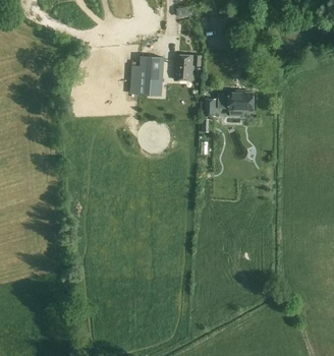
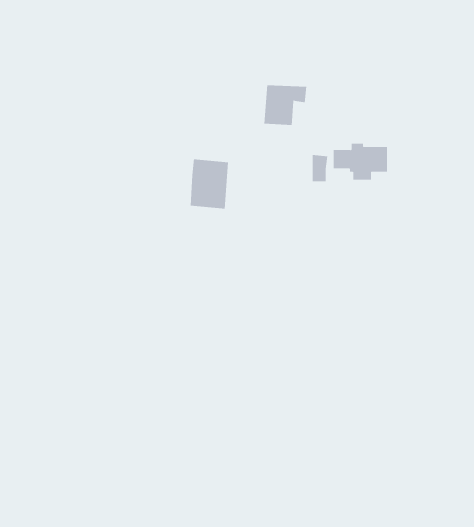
building: [138,55,163,86] -> [190,159,229,209]

